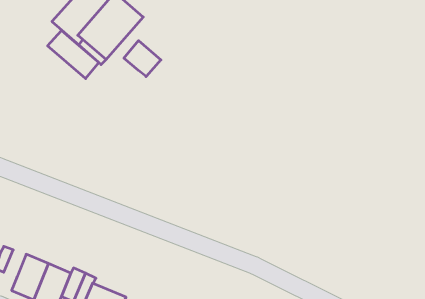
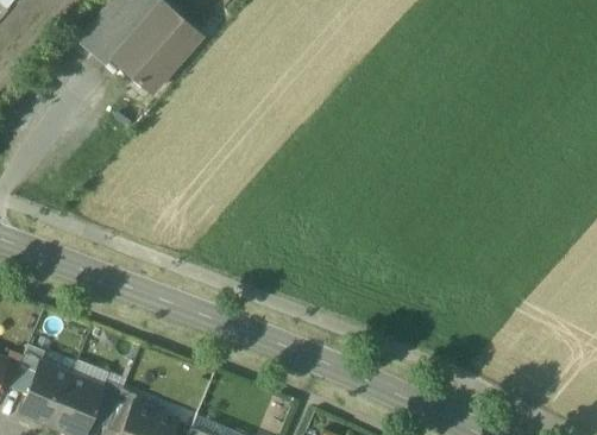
building: [48,31,99,79] -> none
building: [124,41,161,77] -> none
building: none -> [10,347,44,393]

